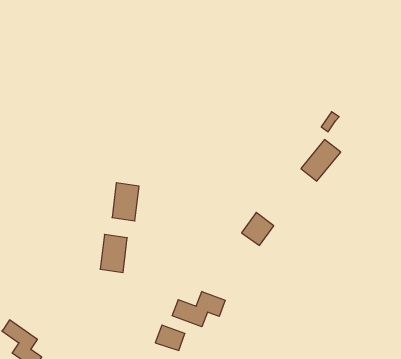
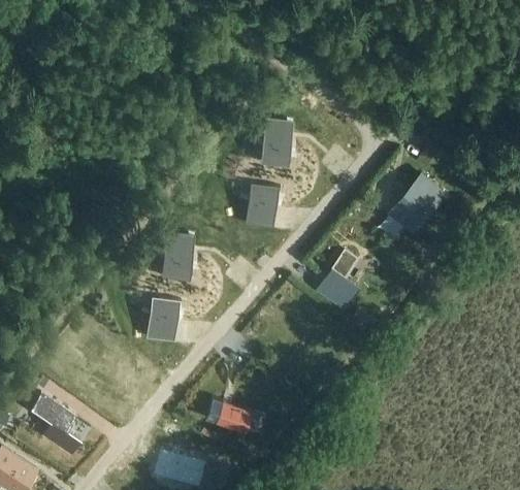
building: none -> [259,119,292,165]
building: none -> [245,182,279,228]
building: [172,291,225,327] -> none

